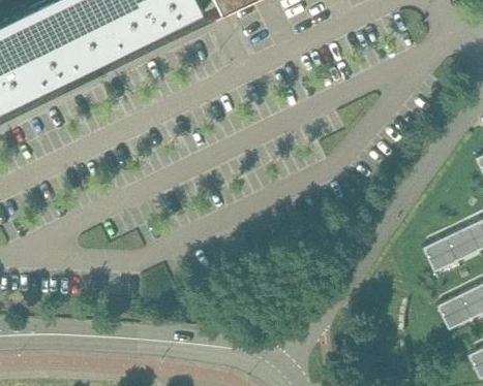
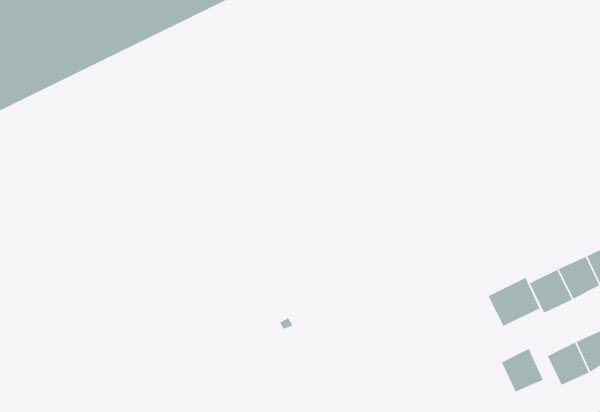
building: none -> [487,277,540,327]
building: none -> [501,348,544,392]

